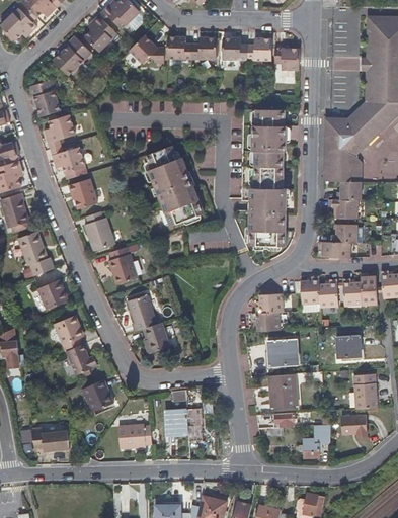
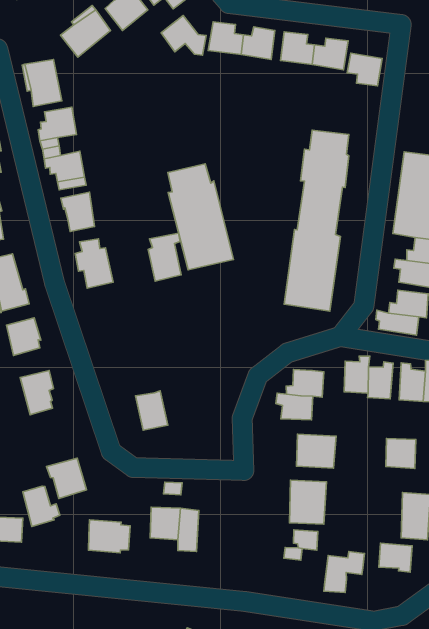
building: [109,246,137,284] -> [148,233,181,281]
building: [127,294,157,331] -> none
building: [67,345,97,376] -> [23,486,60,526]

